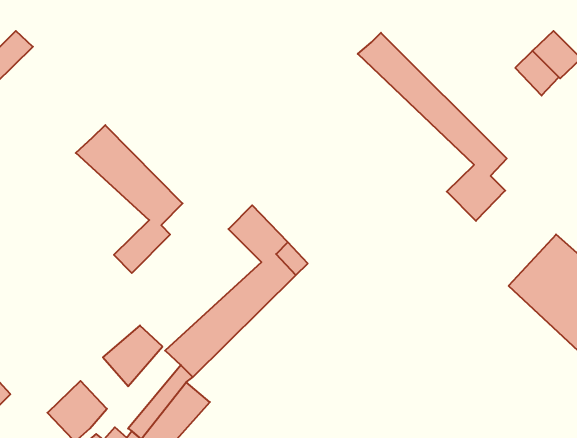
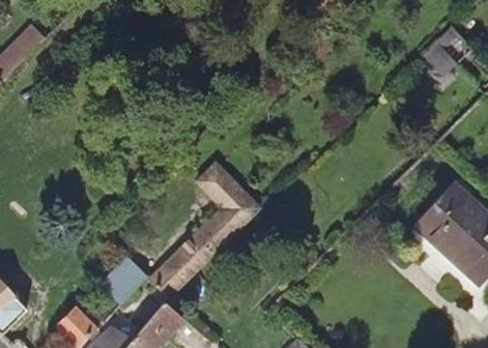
building: [358,33,507,221] -> none
building: [76,125,183,273] -> none

